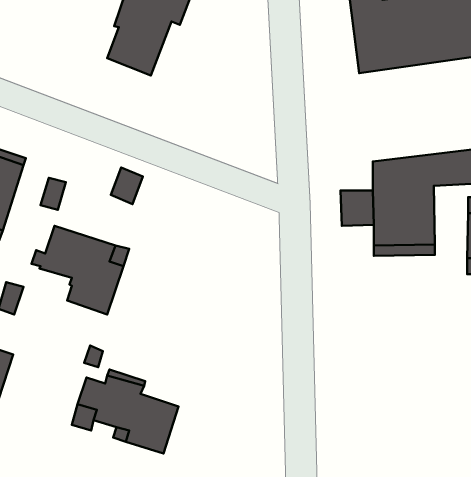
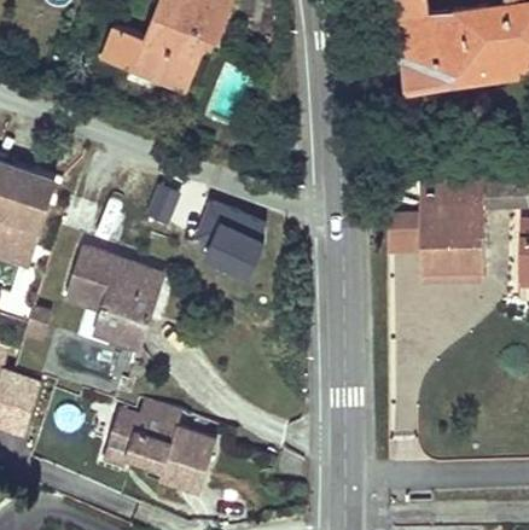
building: none -> [103,25,153,71]
building: none -> [196,203,264,284]

